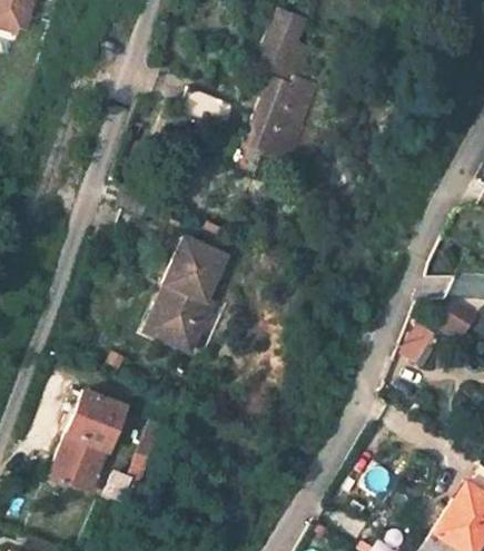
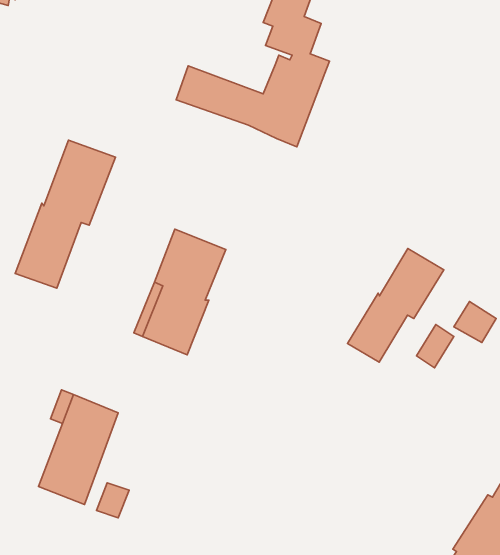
building: none -> [15,140,115,288]
building: none -> [348,249,444,362]

